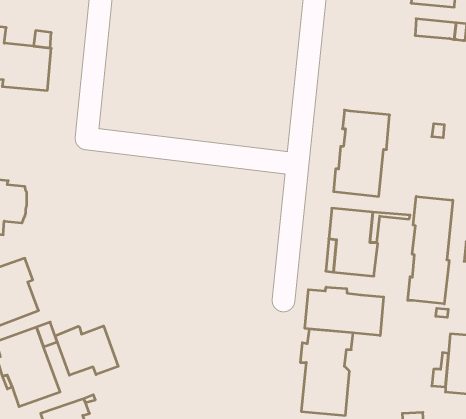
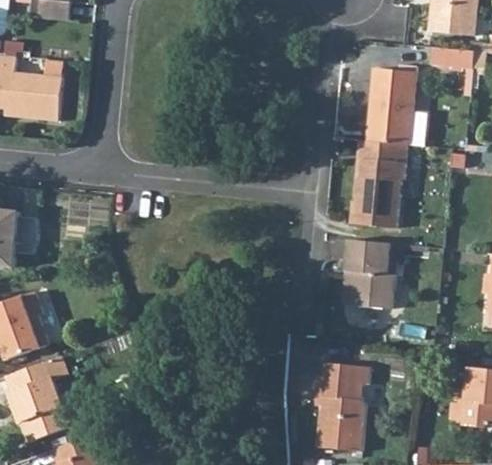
building: none -> [366,68,415,145]
building: [408,196,453,304] -> none
building: [305,287,384,336] -> none
building: [55,326,118,375] -> none

